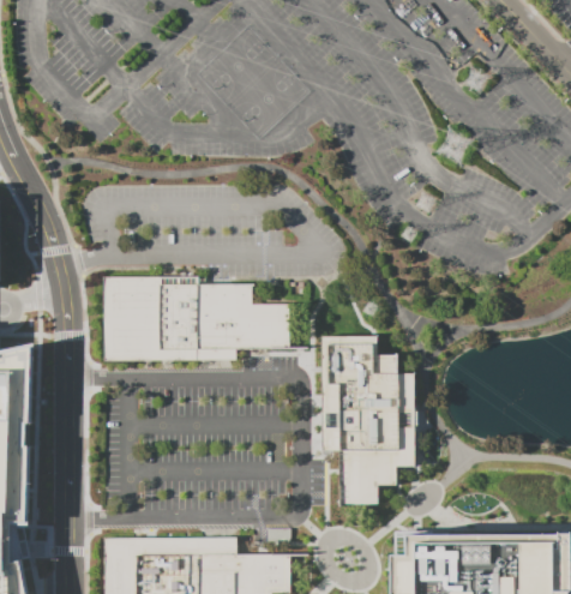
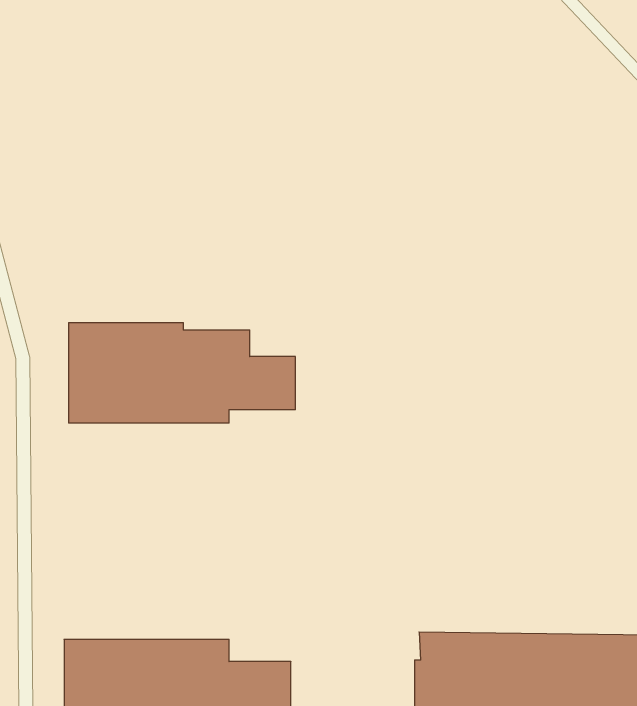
building: [321,336,415,504] -> none

